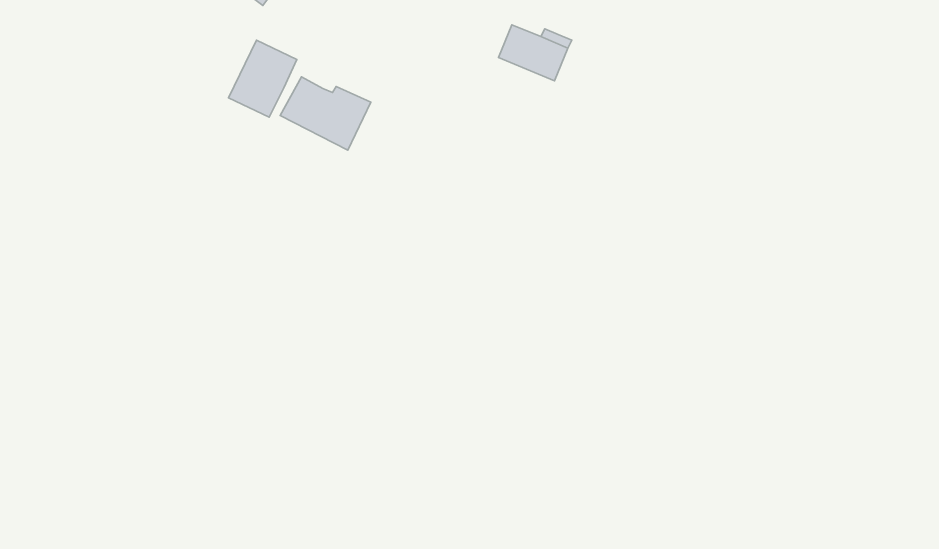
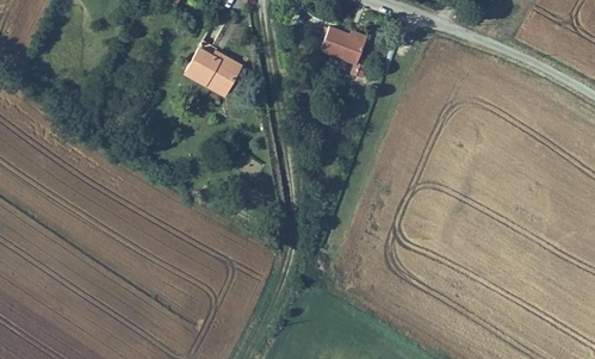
building: [229,40,297,117] -> none

